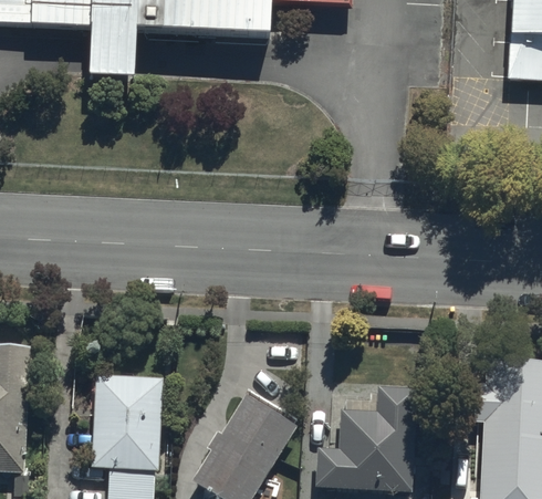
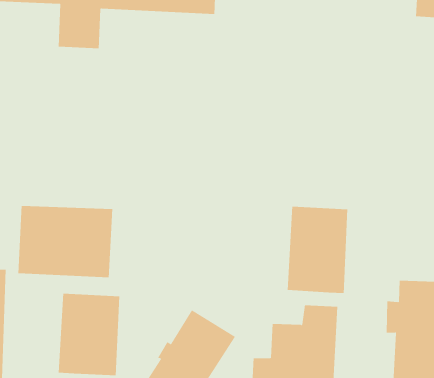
building: none -> [18,205,113,278]
building: none -> [287,206,348,294]

